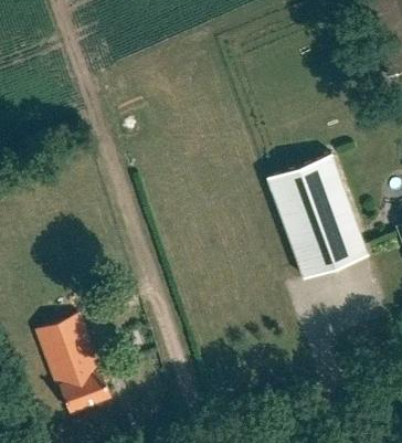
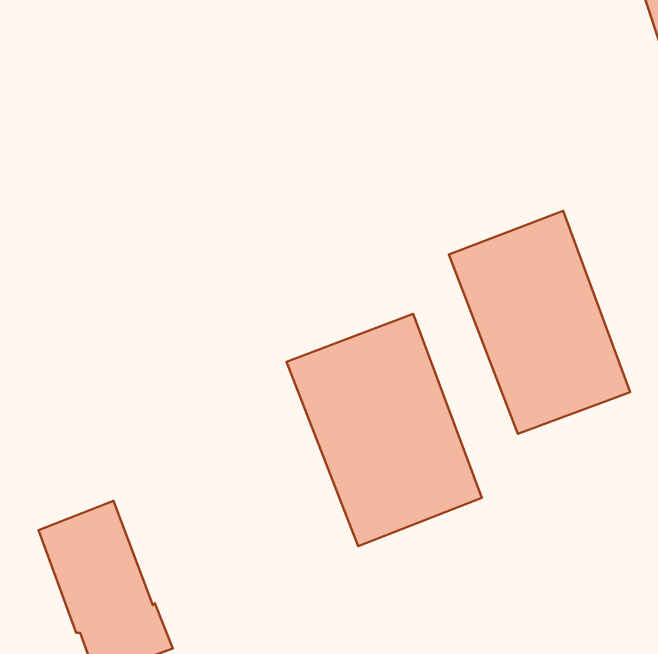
building: none -> [286,314,482,546]

